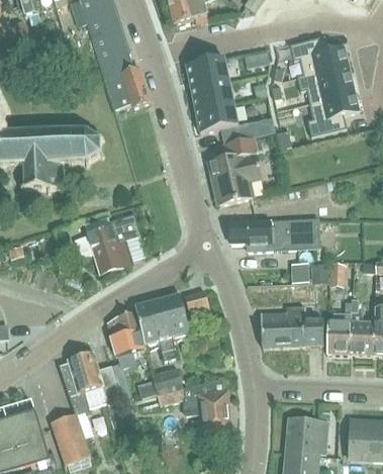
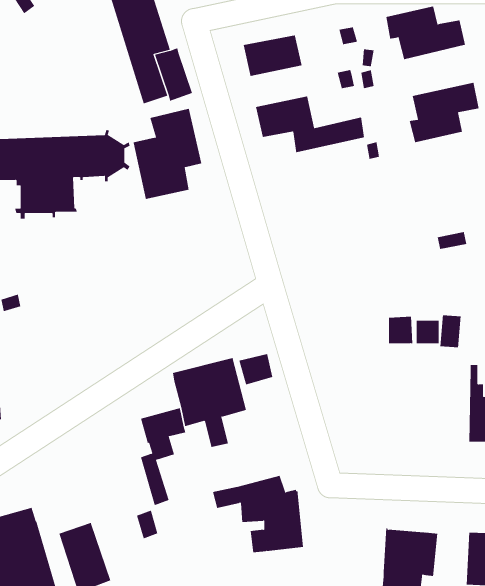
building: [297,65,355,102] -> none
building: [191,80,233,110] -> none
building: [208,137,261,204] -> [130,108,202,199]
building: [87,213,138,273] -> none
building: [230,218,319,251] -> none
building: [327,301,352,355] -> none
building: [260,305,322,348] -> none
building: [107,310,140,338] -> none
building: [59,351,121,415] -> none
building: [152,368,182,393] -> none

